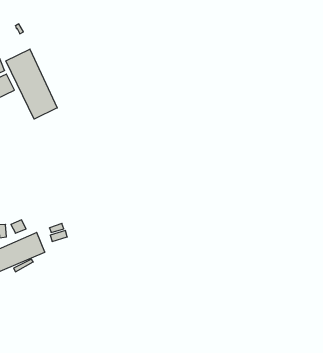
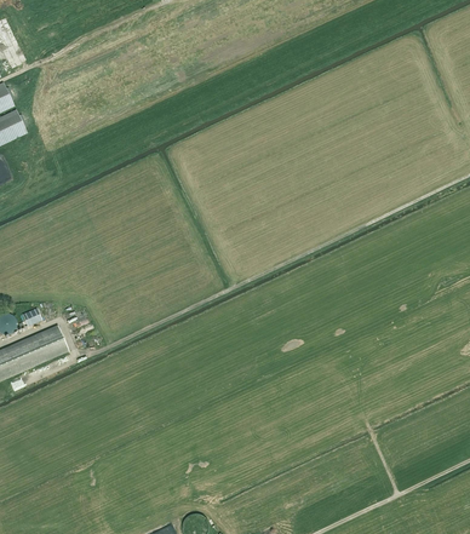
building: [6,49,57,119] -> none

